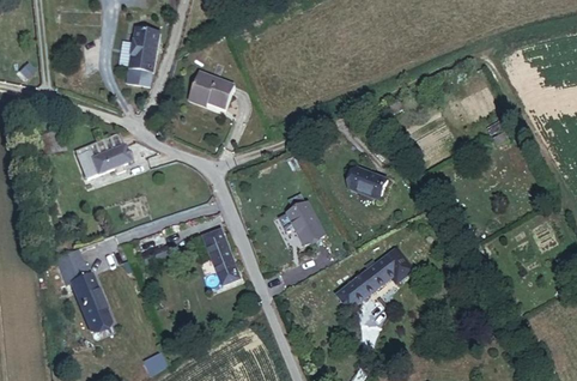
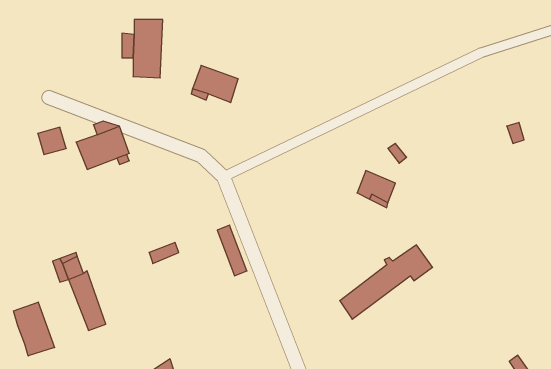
building: [287,198,322,241] -> none
building: none -> [13,302,55,356]

